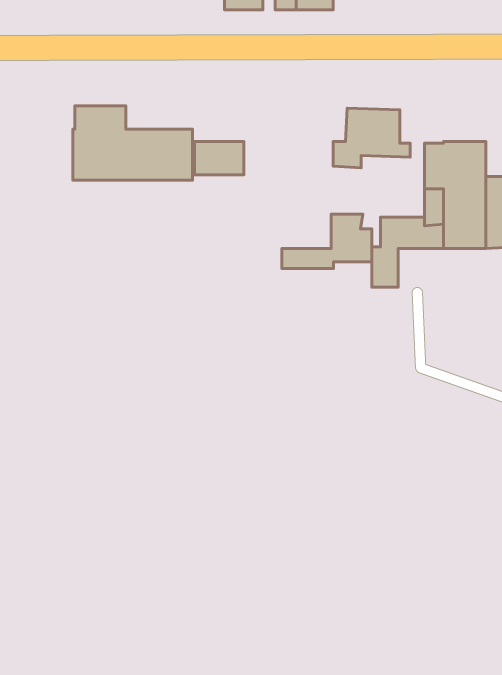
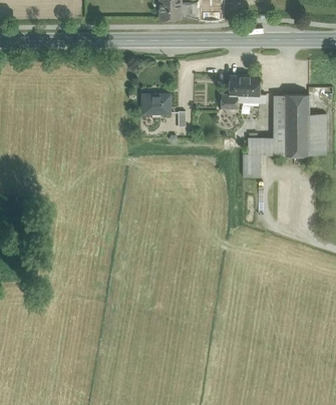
building: [73,106,193,180] -> none
building: [282,214,372,268] -> none

